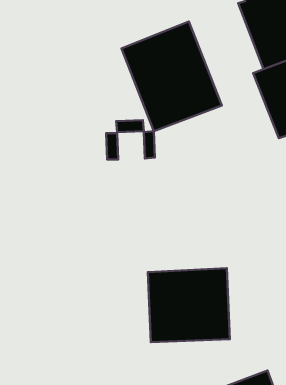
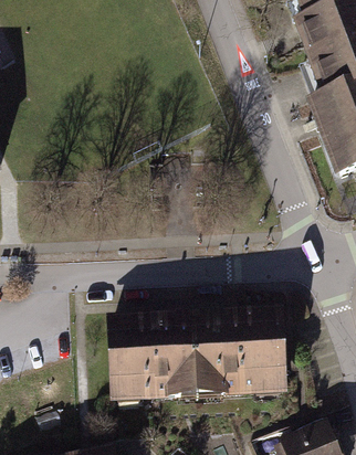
building: [122,22,222,131] -> none
building: none -> [109,316,200,396]

